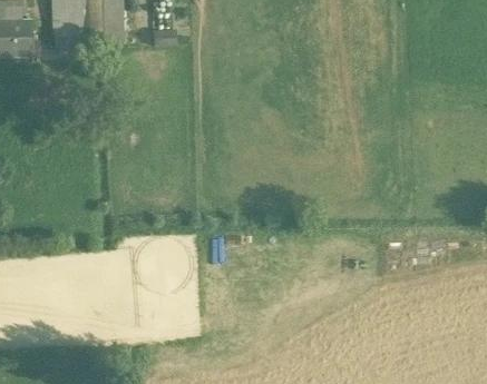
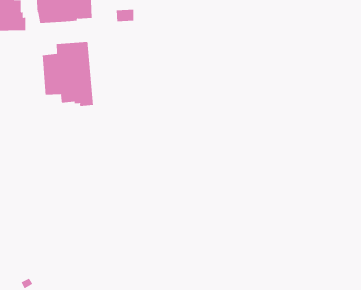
building: none -> [42,41,93,107]

